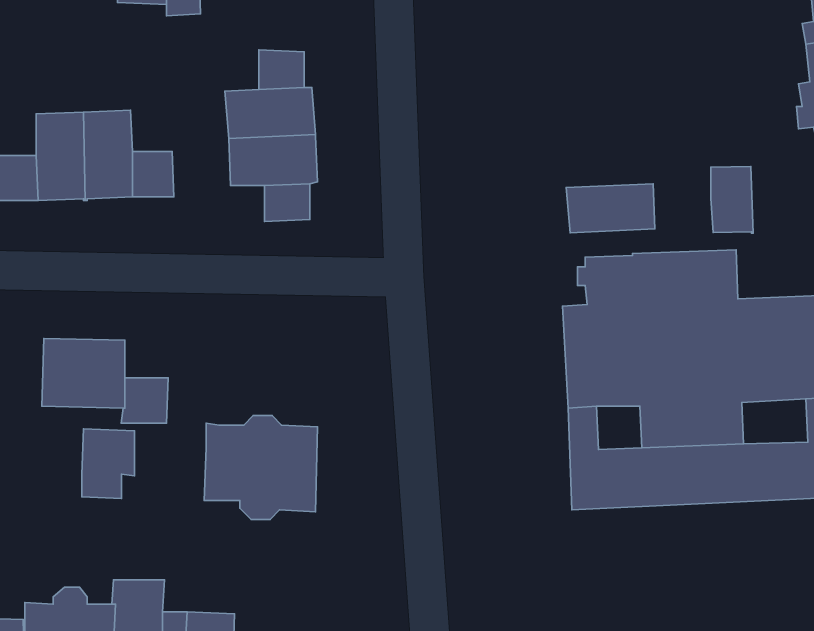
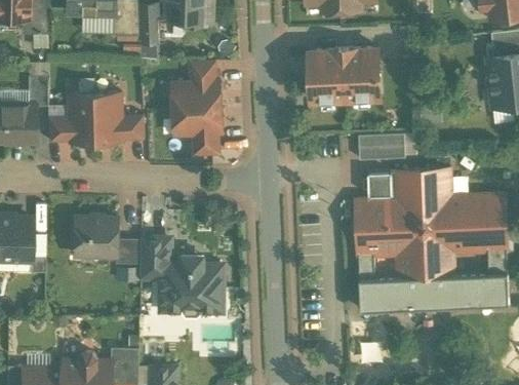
building: none -> [308,48,380,101]
building: [711,166,753,233] -> none
building: [82,429,135,499] -> [139,239,168,277]

